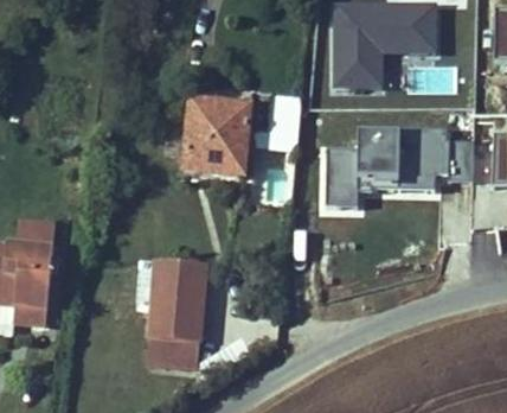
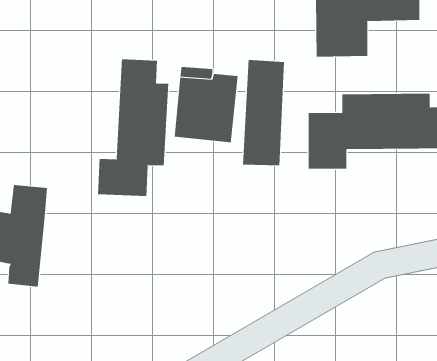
building: none -> [98,59,169,197]
building: [147,263,206,367] -> none

